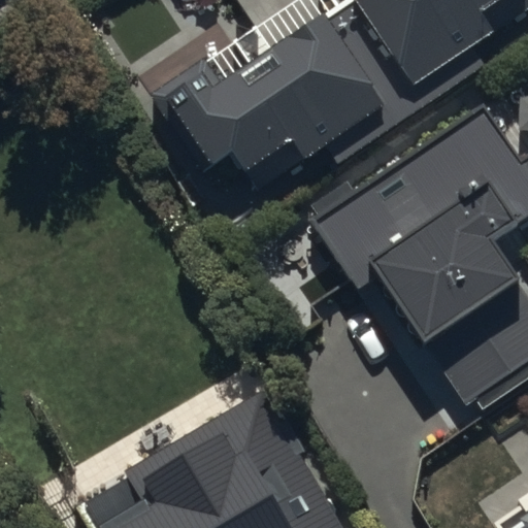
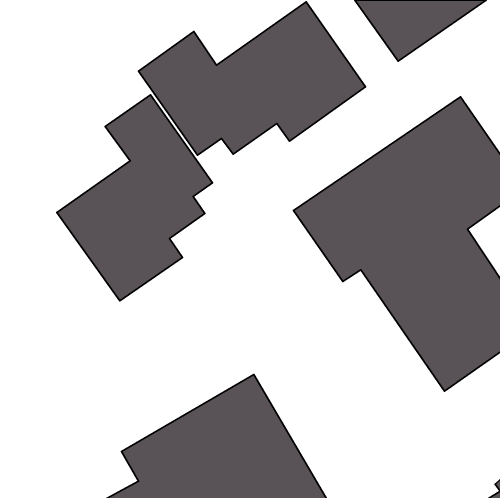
building: none -> [57,95,213,301]

